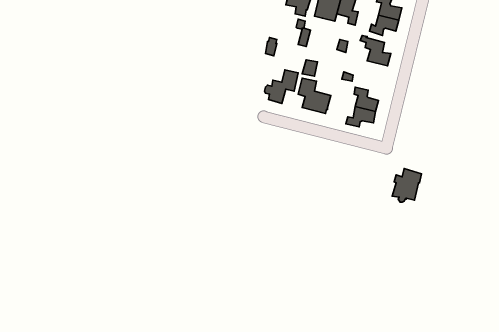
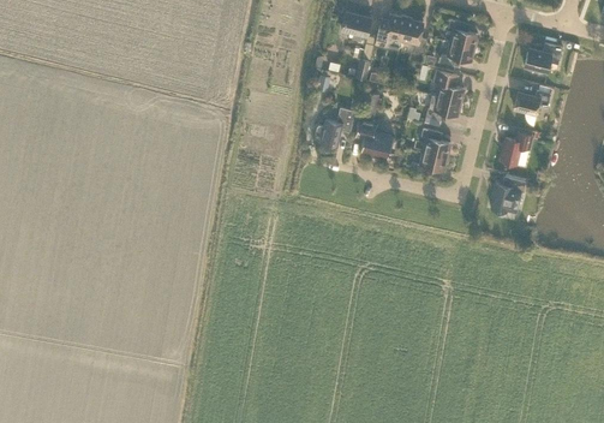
building: none -> [524,42,562,72]
building: none -> [514,89,551,114]
building: none -> [426,95,461,120]
building: none -> [501,131,532,165]
building: [392,169,422,202] -> [490,175,525,215]

